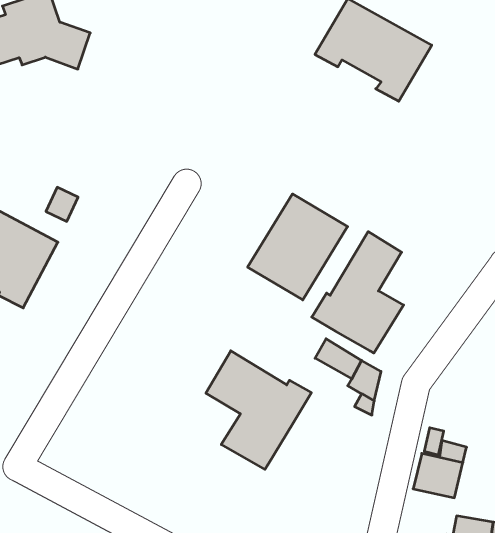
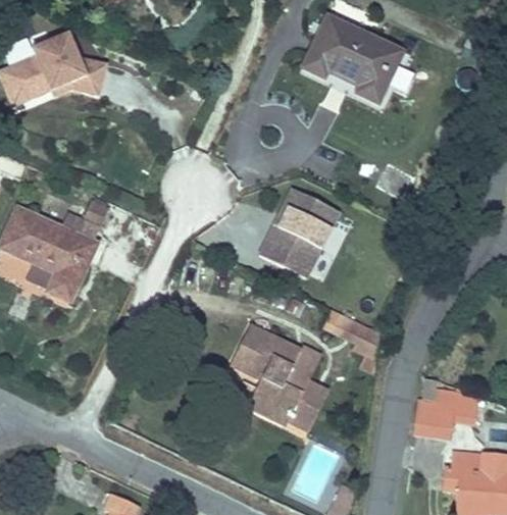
building: [312,232,404,353] -> none
building: none -> [289,382,328,430]

